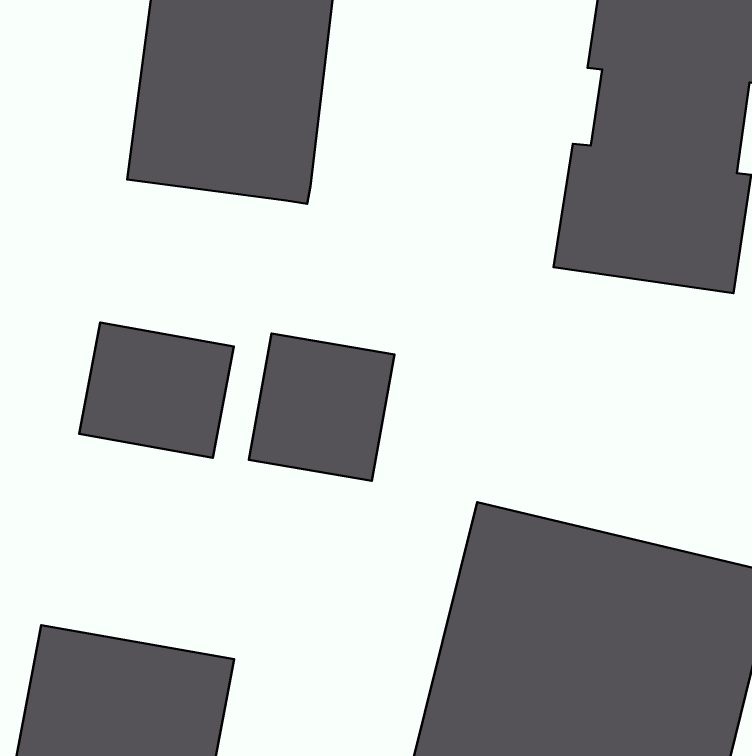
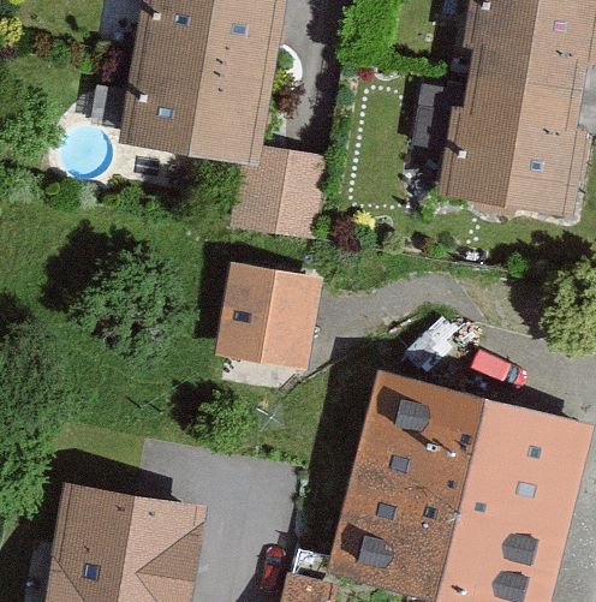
building: none -> [228,148,320,230]
building: [79,323,234,458] -> none

